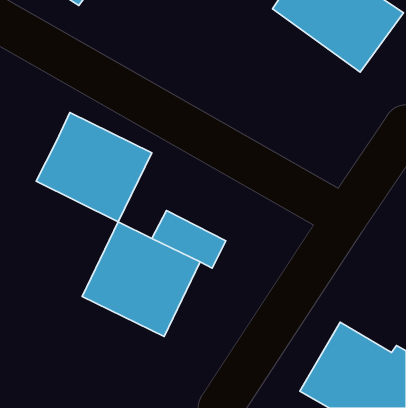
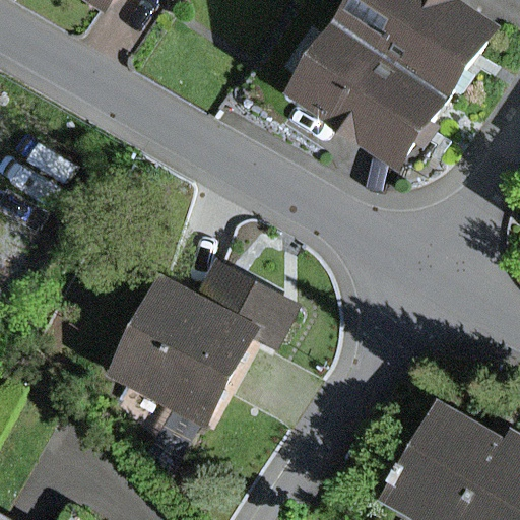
building: none -> [291,11,455,162]
building: [36,112,152,222] -> none

